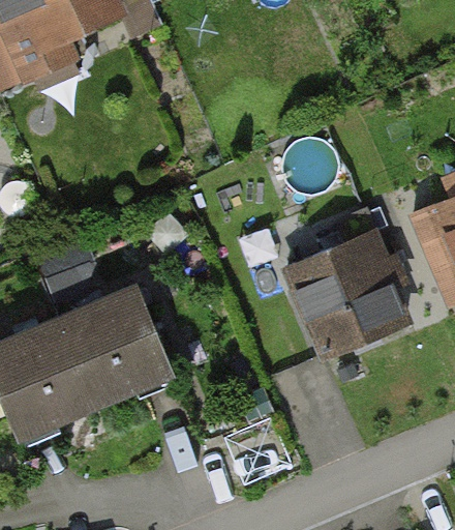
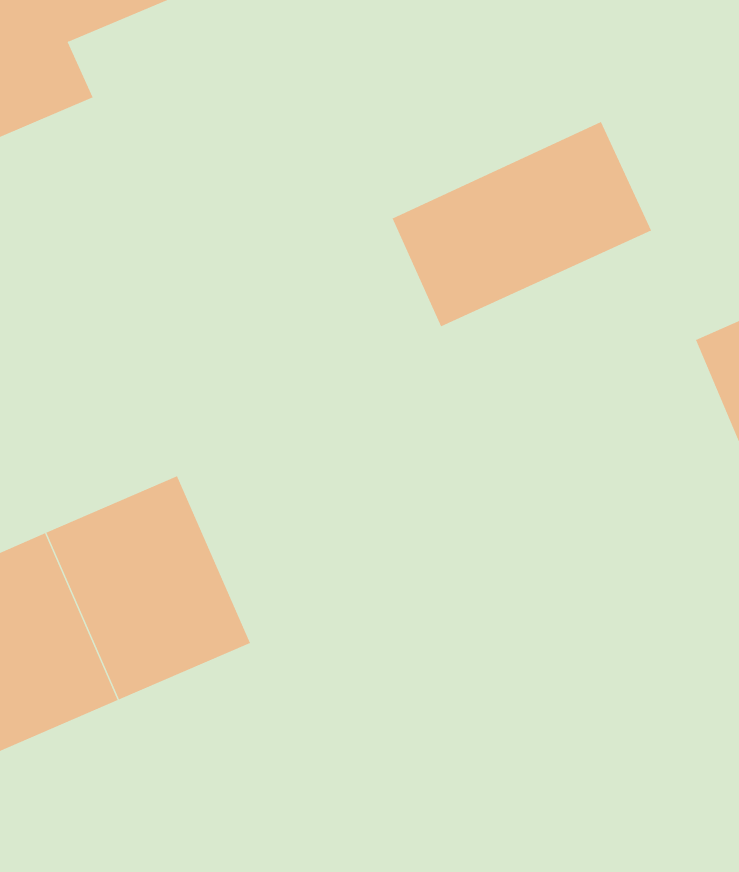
building: none -> [392,121,652,327]
building: [271,222,418,365] -> none

